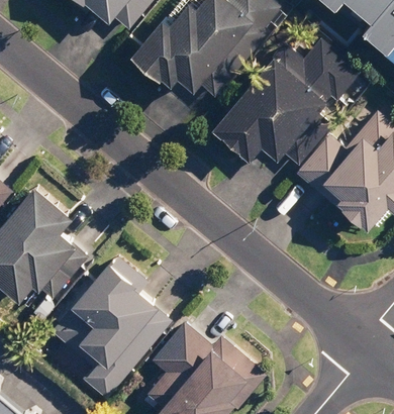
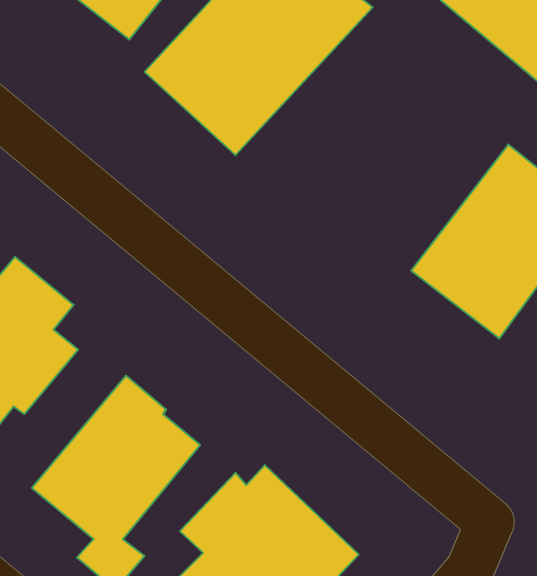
building: [214,29,361,180] -> none

